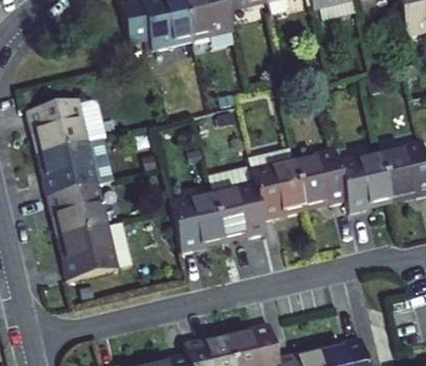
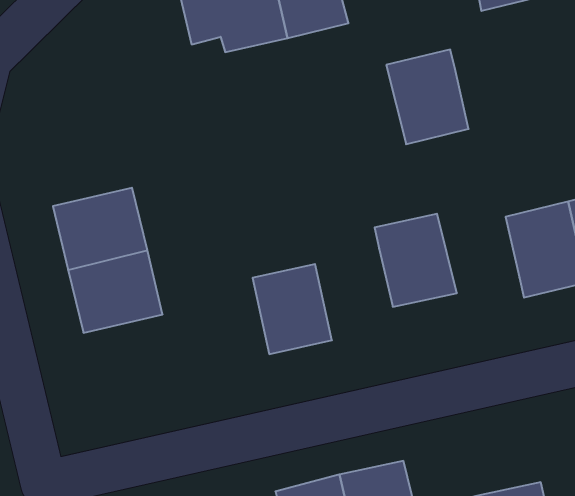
building: [28,100,90,153] -> none
building: [293,148,348,211] -> [386,50,469,144]
building: [212,181,267,242] -> none
building: [58,225,121,280] -> none

